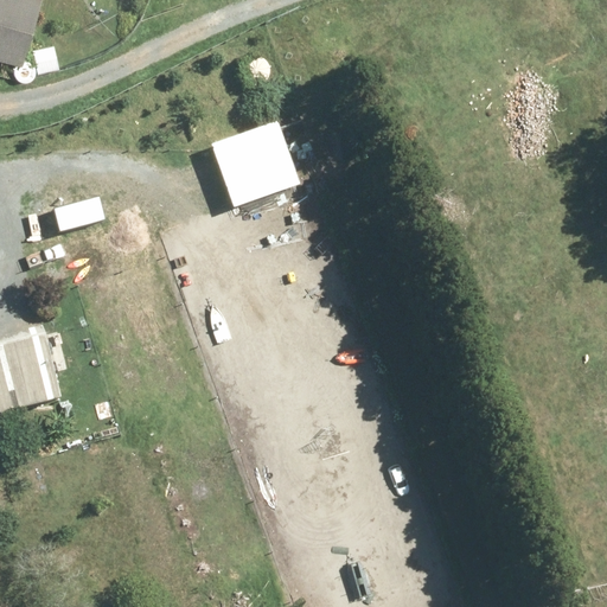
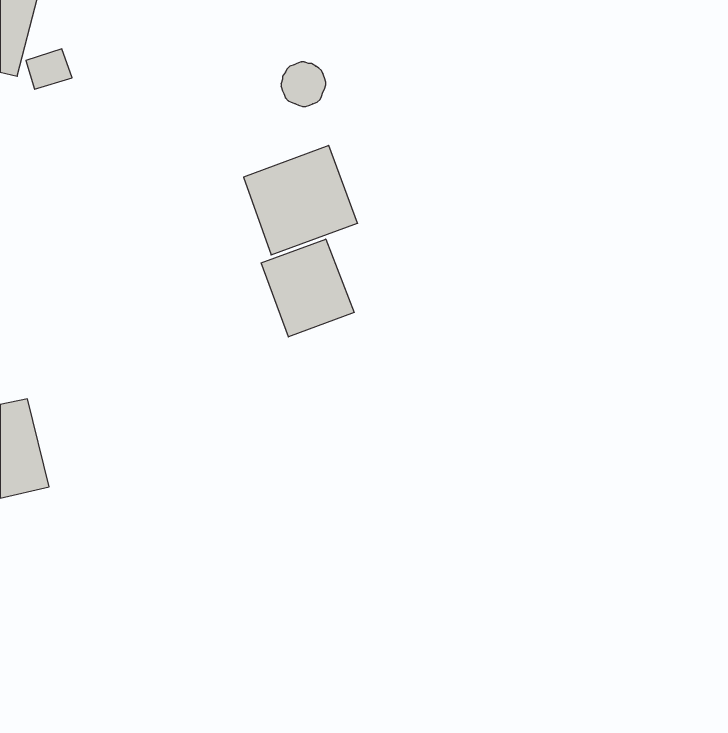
building: none -> [261,239,354,337]

